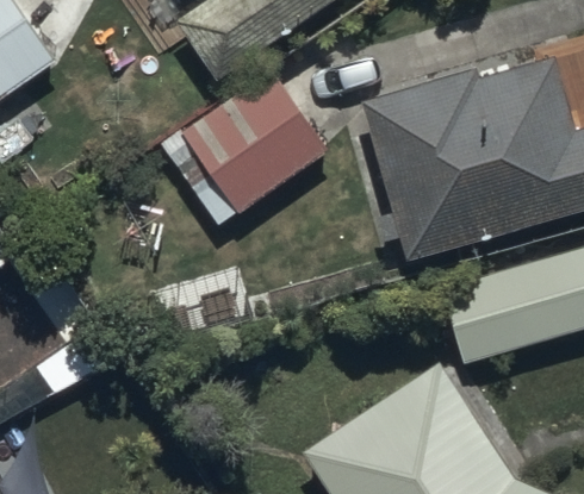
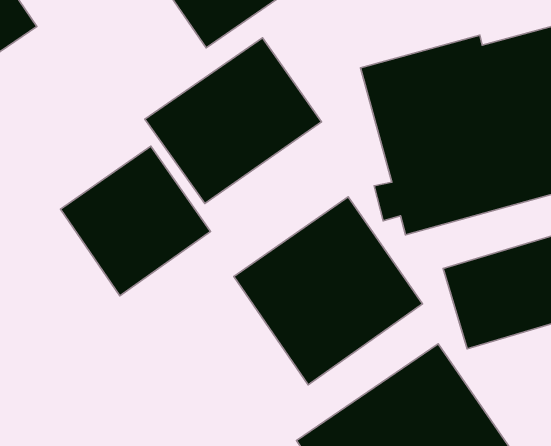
building: none -> [60,146,210,296]
building: none -> [234,197,423,385]

